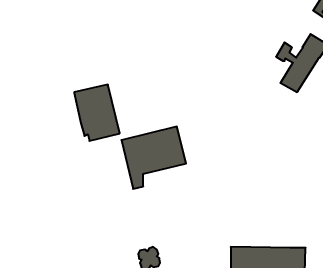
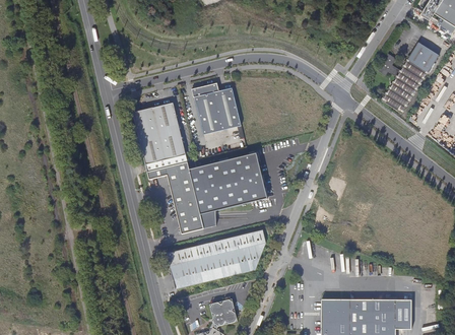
building: none -> [192,82,242,134]
building: none -> [147,161,204,233]
building: none -> [167,230,266,288]

